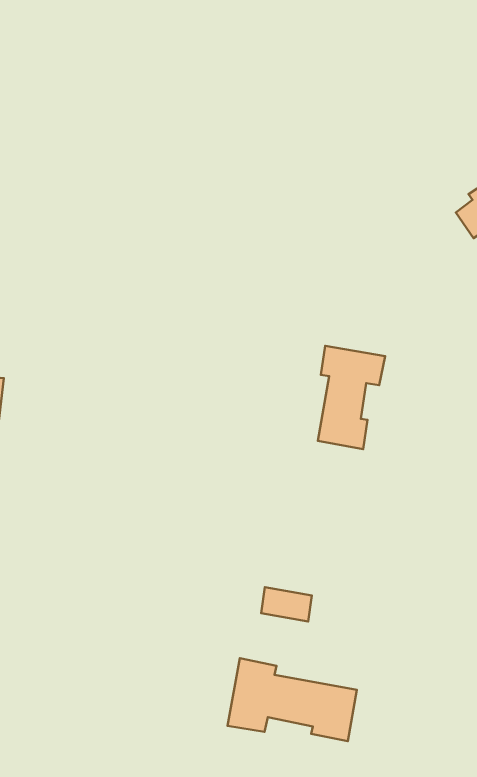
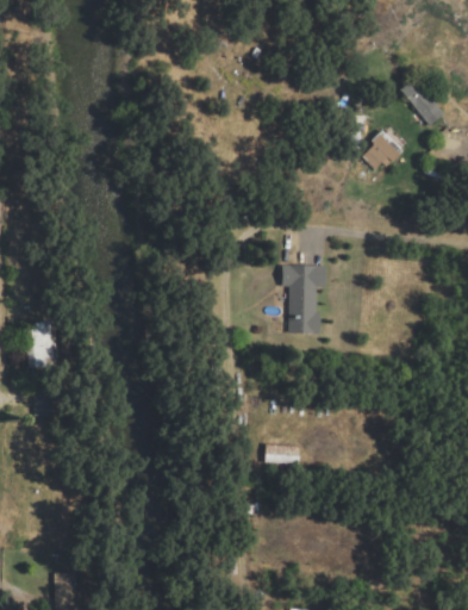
building: [228,658,357,741] -> none

